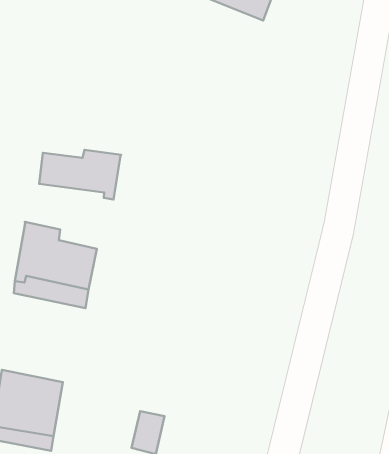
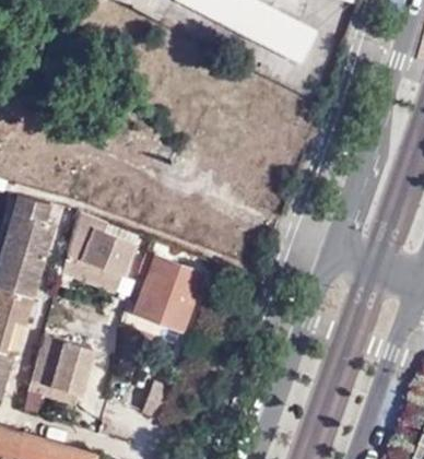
building: [39,150,121,199] -> none
building: none -> [137,254,201,328]

